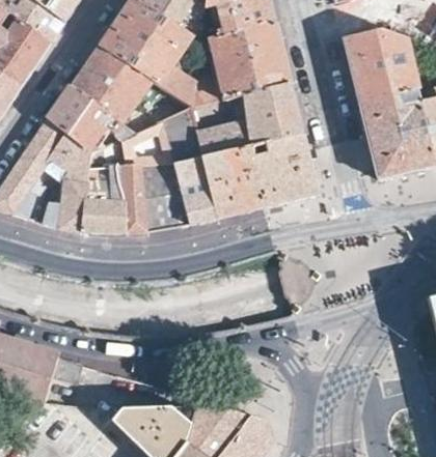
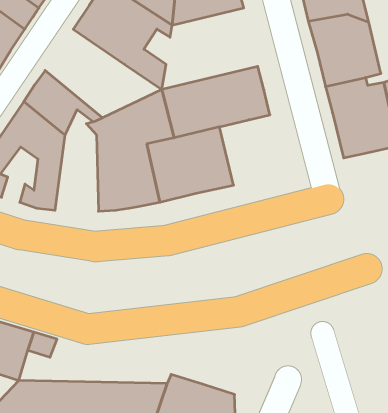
building: [190,23,289,107] -> none
building: [70,45,166,136] -> none
building: [249,133,316,205] -> none
building: [80,142,125,232] -> none

